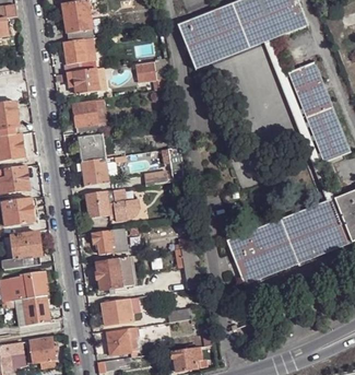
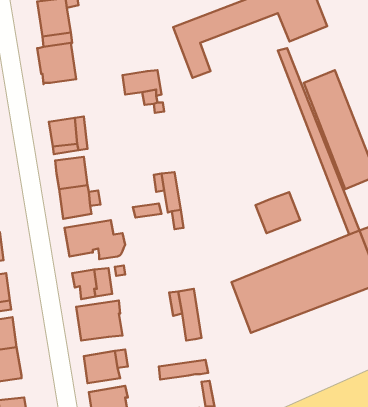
building: [200,12,275,61] -> none
building: [69,67,106,93] -> none
building: none -> [256,192,300,233]

